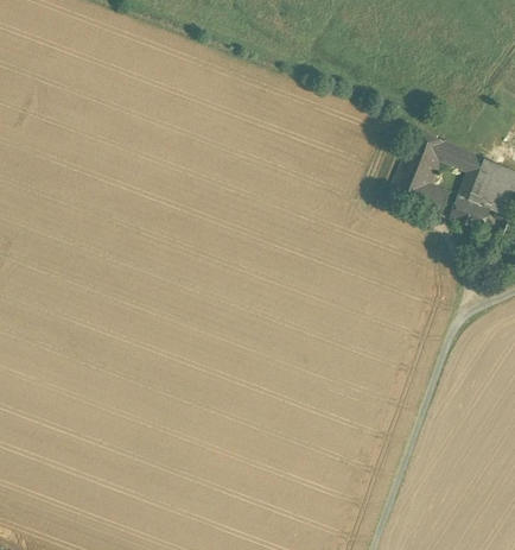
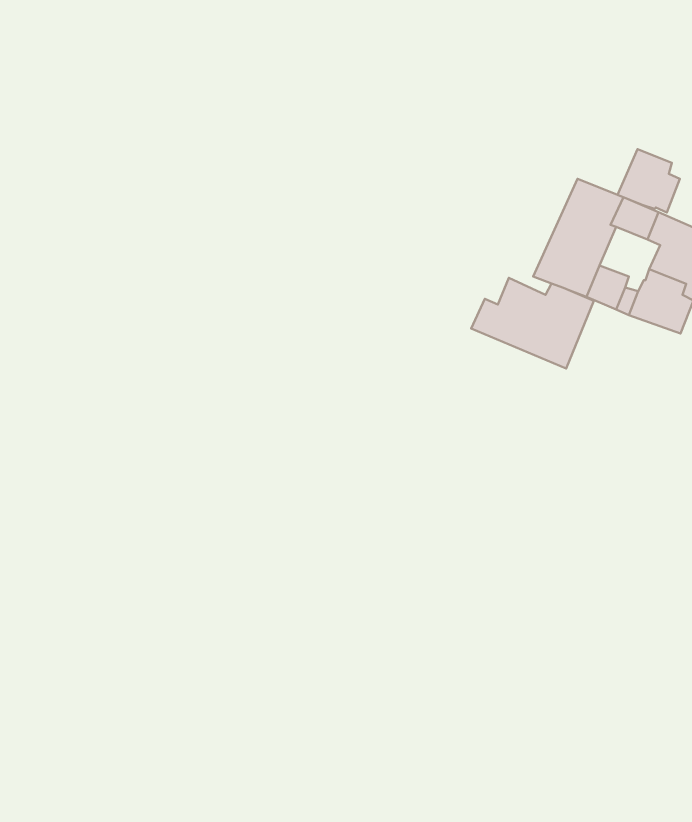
building: none -> [617,149,680,212]
building: none -> [471,278,594,368]

